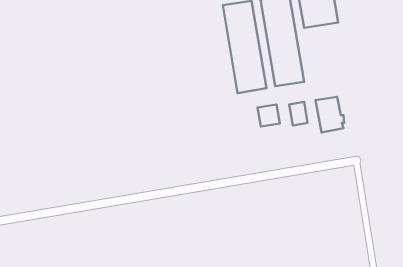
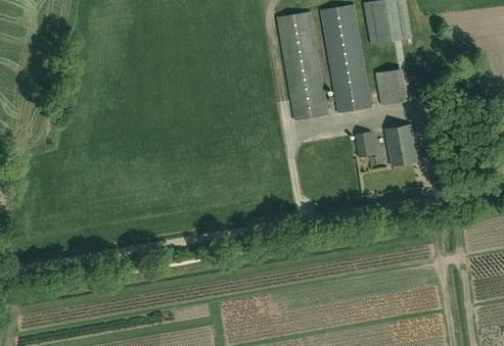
building: none -> [374,67,407,105]
building: [258,104,280,126] -> none

